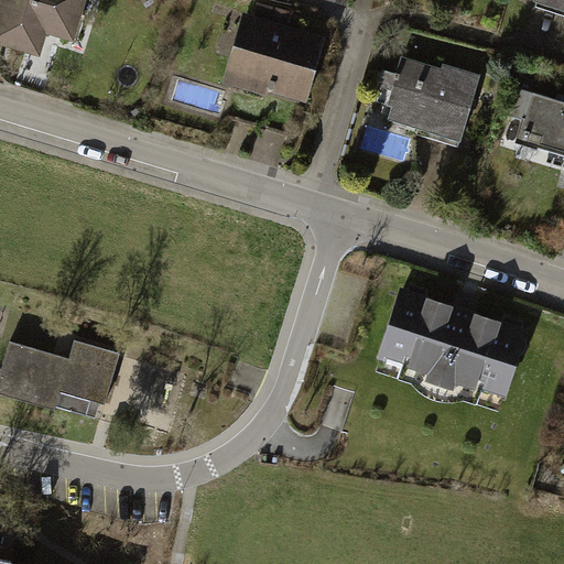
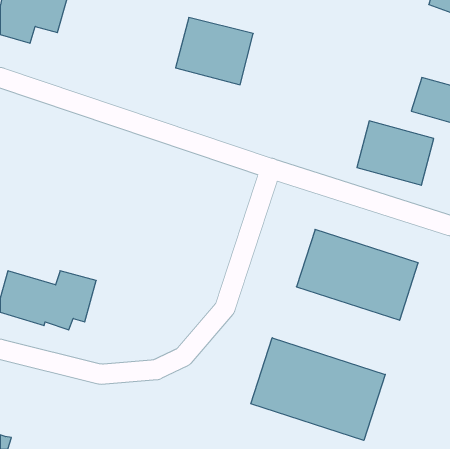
building: [382,59,478,140] -> [357,121,434,185]
building: none -> [251,338,385,440]

